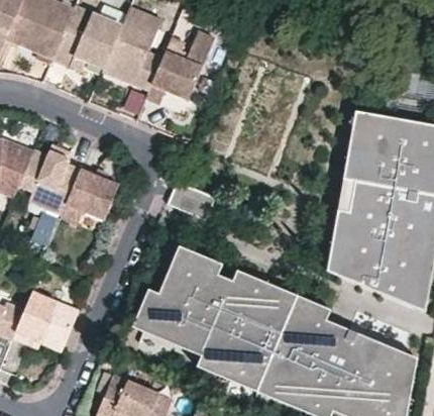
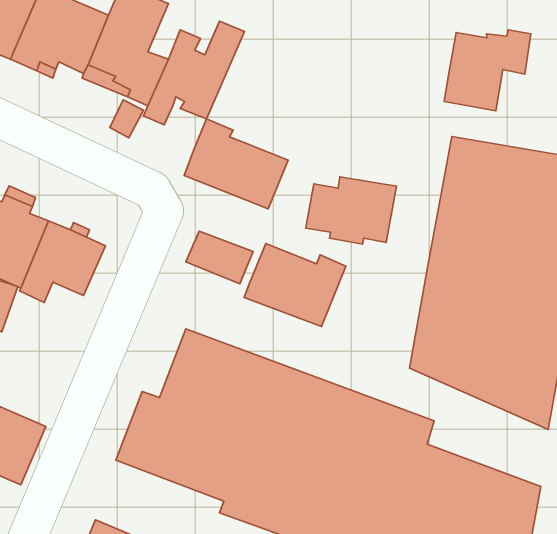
building: none -> [444,30,531,111]
building: none -> [184,119,288,209]
building: none -> [306,177,396,244]
building: none -> [244,244,346,326]

